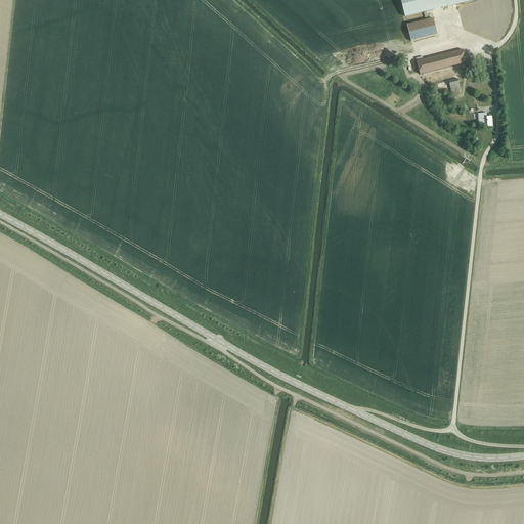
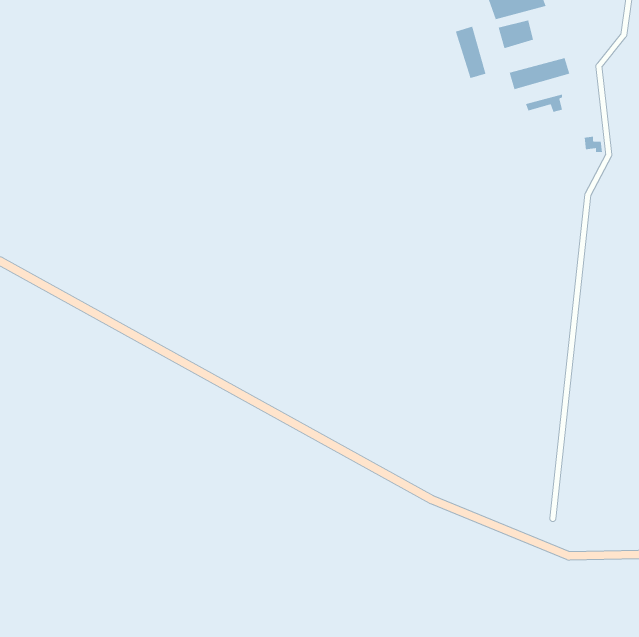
building: none -> [455,26,486,79]

